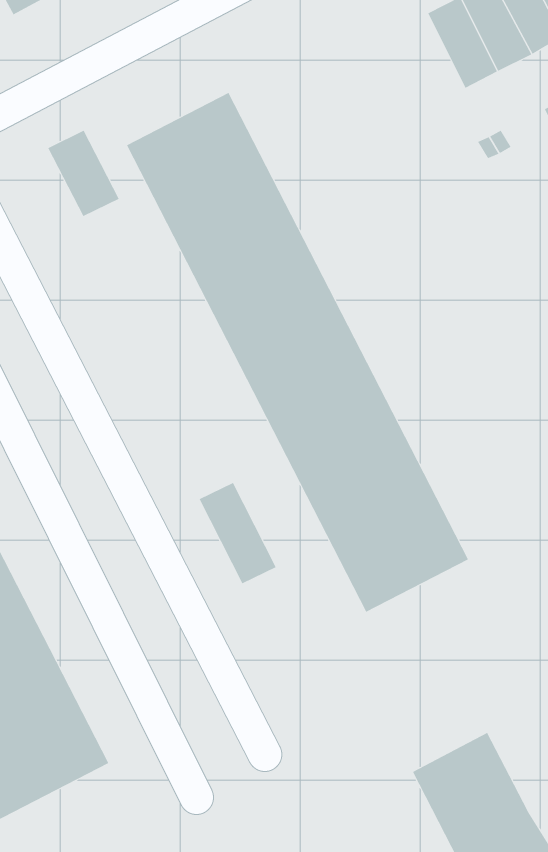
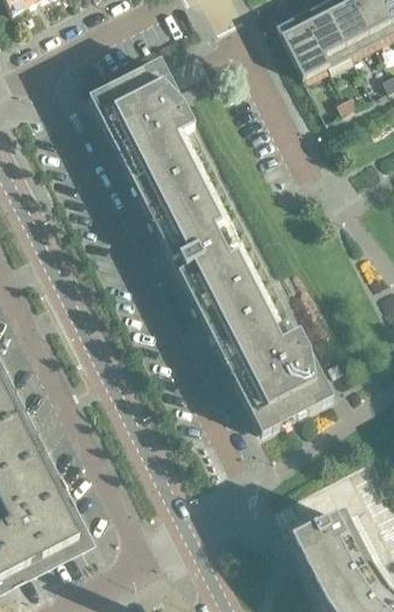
building: none -> [279,13,331,78]
building: [48,130,119,217] -> none
building: [199,482,277,584] -> none

